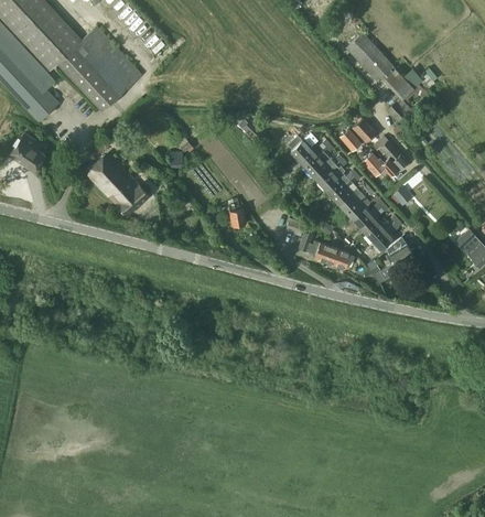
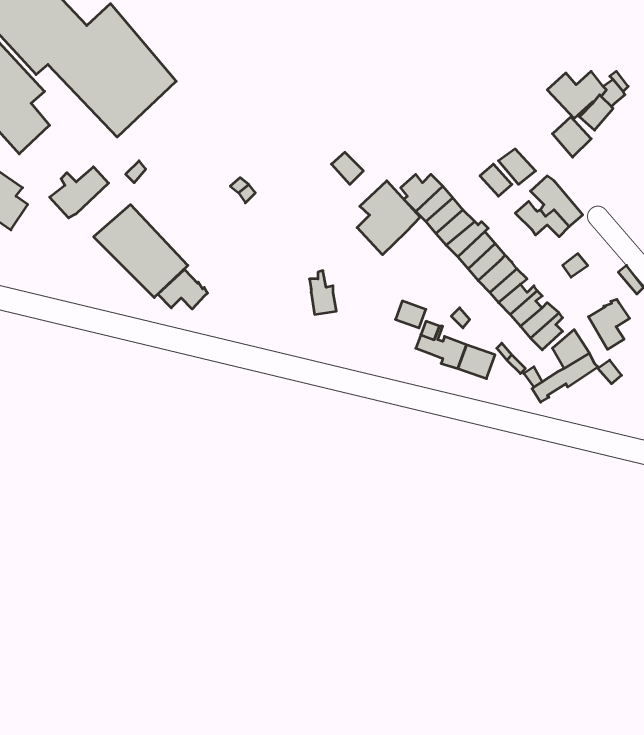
building: [346,32,392,79] -> none
building: none -> [50,167,109,218]
building: none -> [357,181,420,255]
building: none -> [158,269,208,309]
building: none -> [588,299,630,349]

